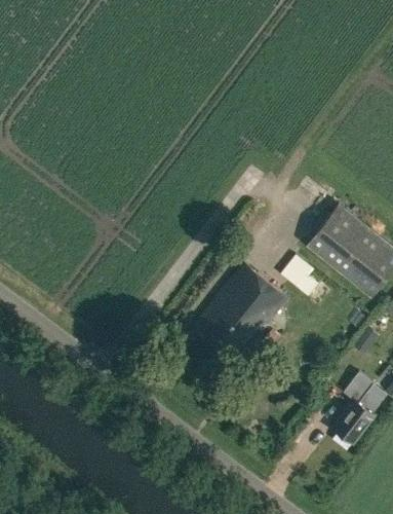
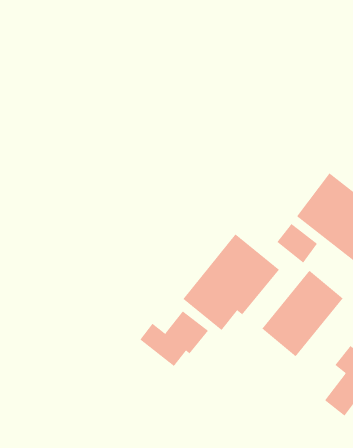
building: none -> [262,270,343,357]
building: none -> [140,310,209,367]

